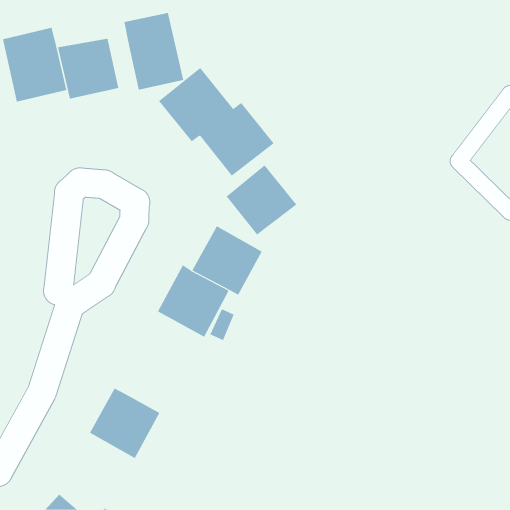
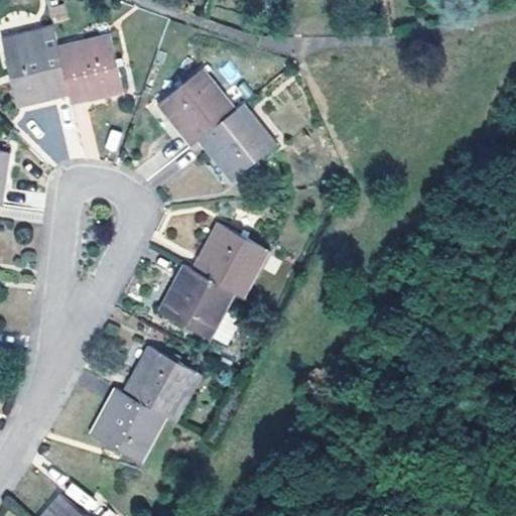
building: [124,12,184,90] -> none
building: [226,164,297,236] -> none
building: none -> [123,349,197,420]

